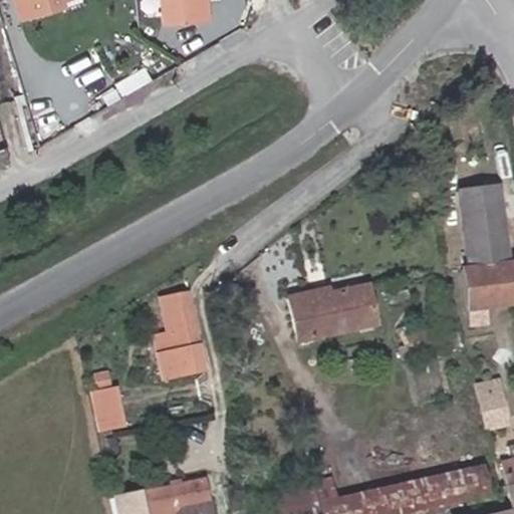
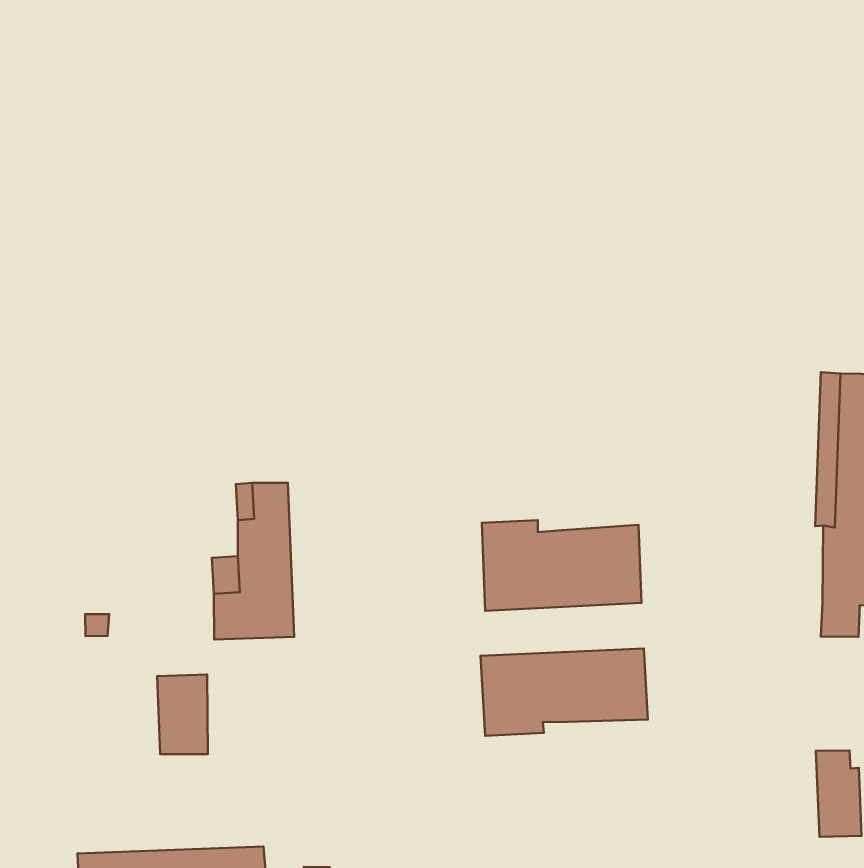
building: none -> [481,649,648,736]
building: [93,388,125,432] -> [157,674,208,754]

